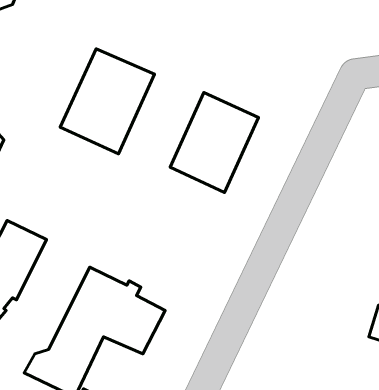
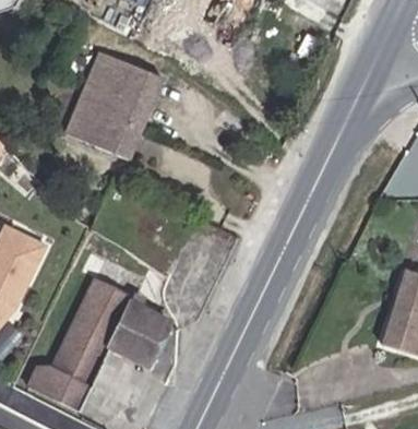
building: [170,93,259,193] -> none

